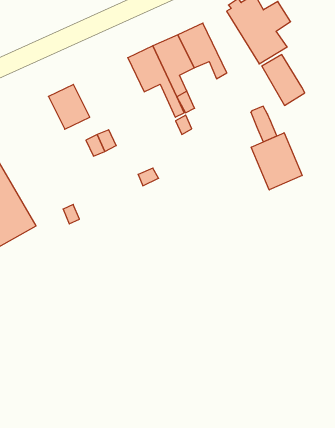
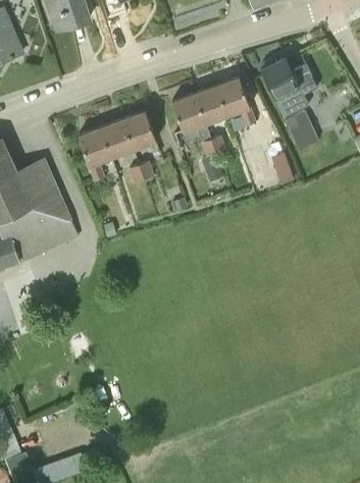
building: none -> [122,111,156,149]
building: none -> [78,127,111,180]
building: [251,133,302,190] -> none

